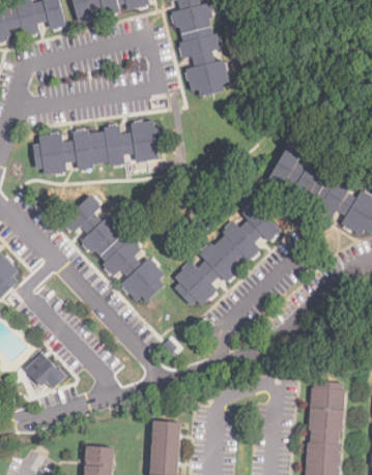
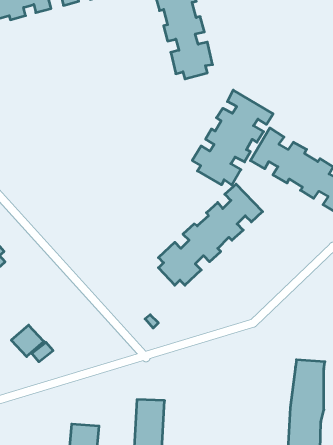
building: none -> [192,90,273,185]
building: [32,121,165,175] -> none
building: [62,195,165,301] -> none

